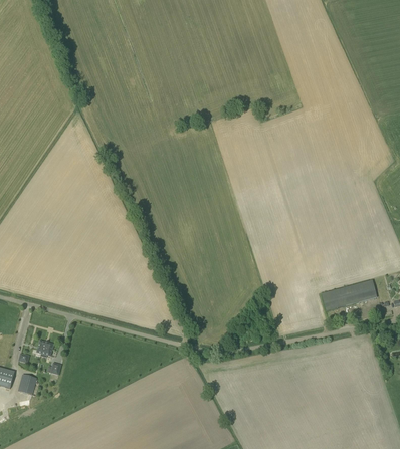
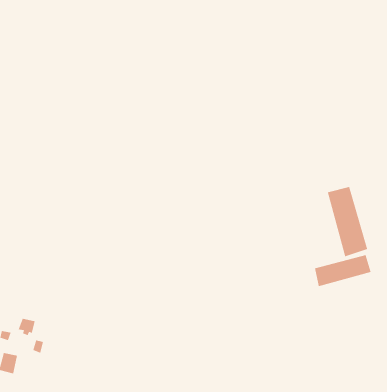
building: none -> [327,186,368,257]

